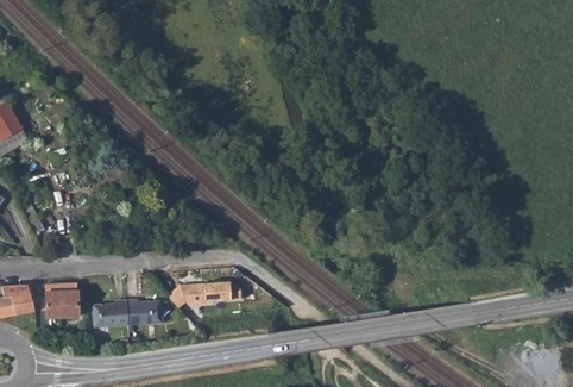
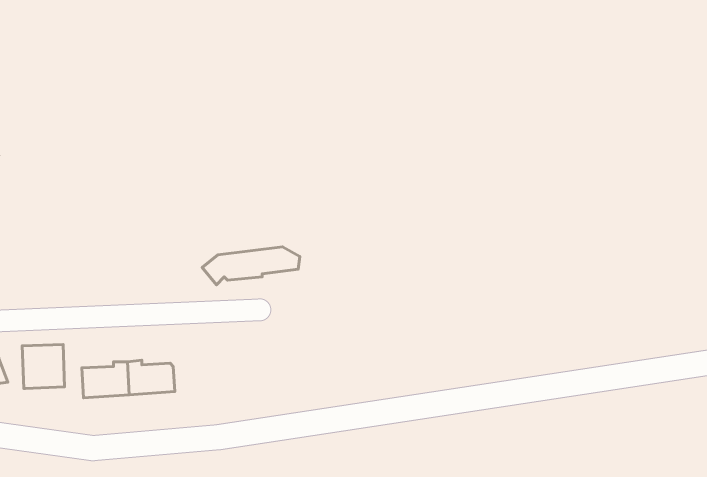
building: [166,279,240,307] -> [202,247,300,285]

